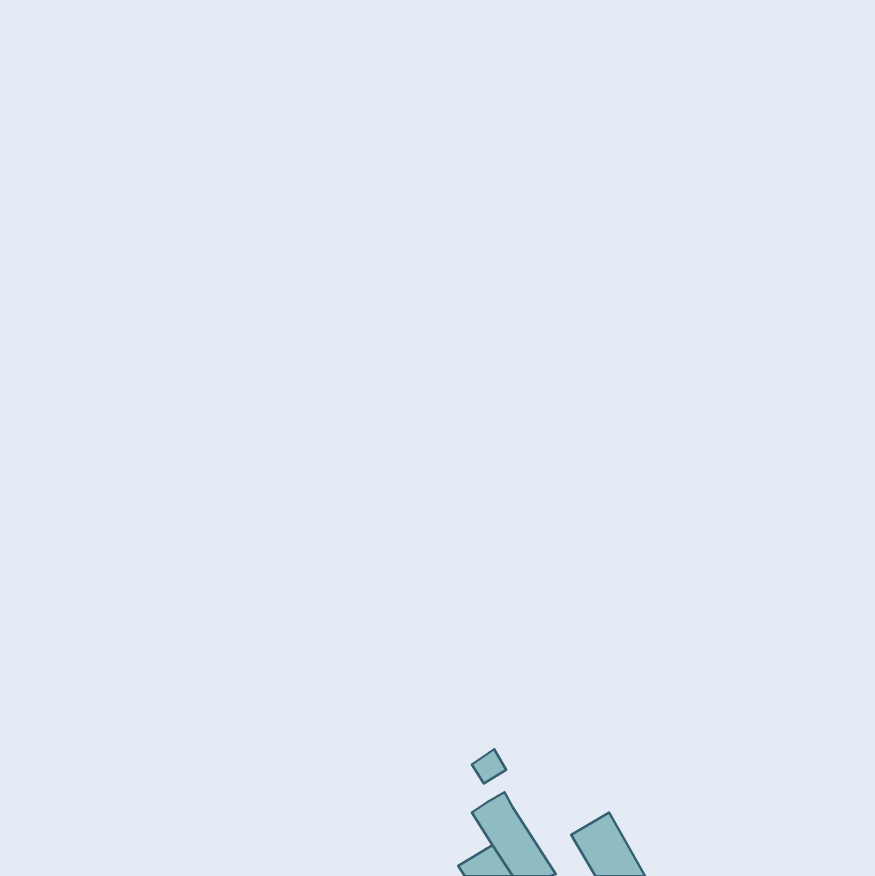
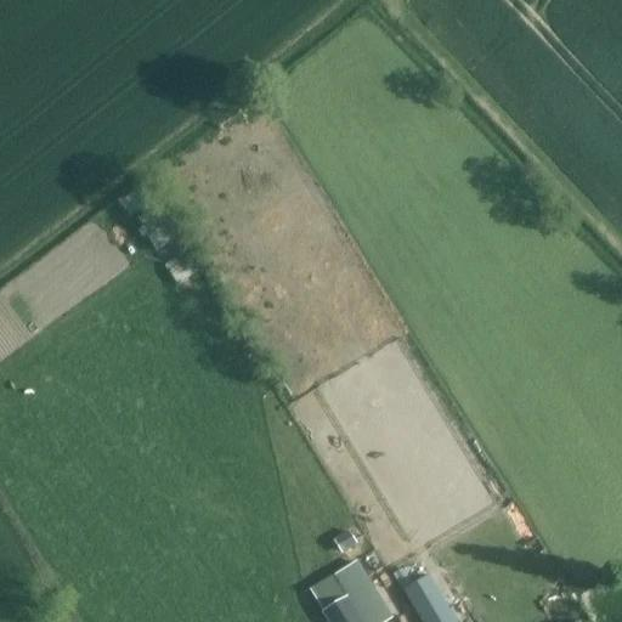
building: none -> [310,576,349,613]

